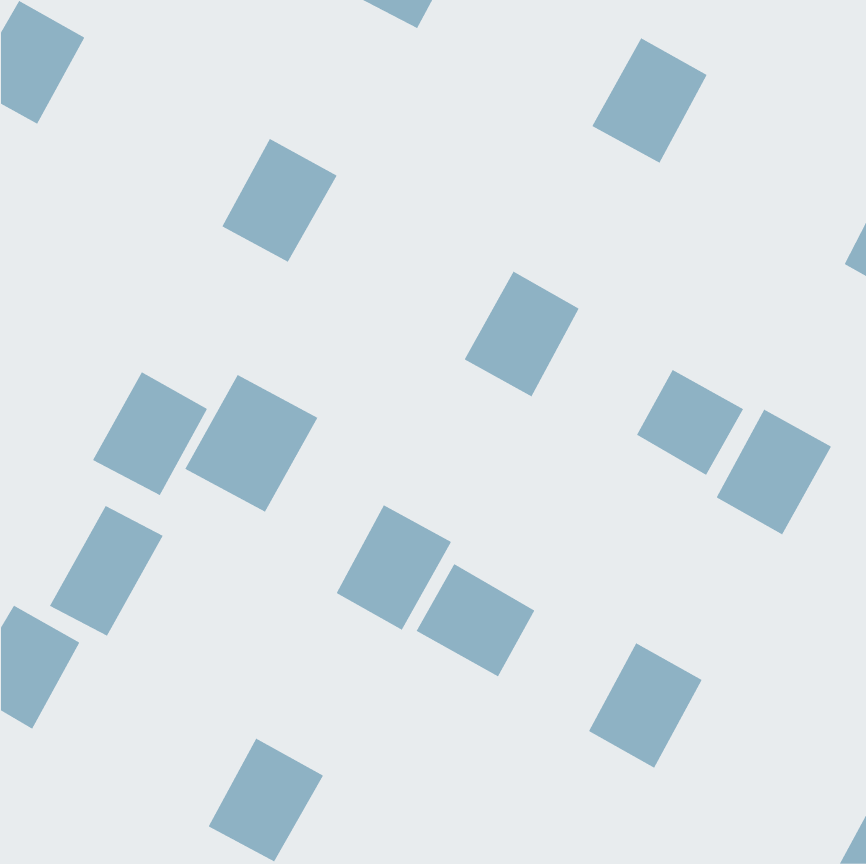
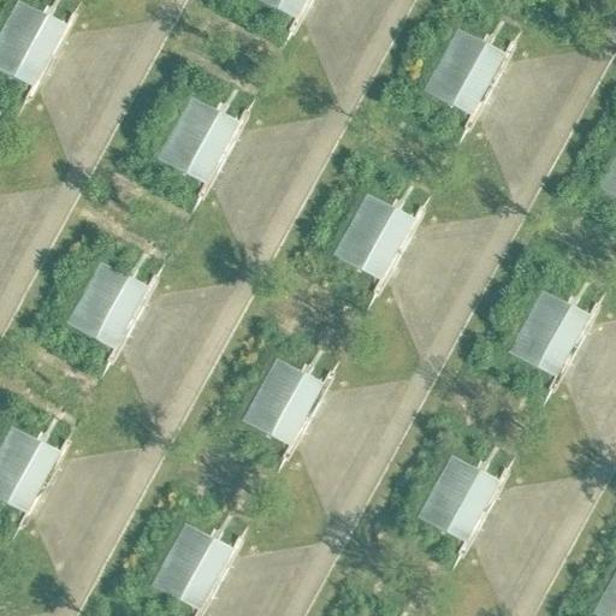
building: [636,369,744,476] -> none
building: [185,374,318,512] -> none
building: [49,505,163,636] -> none
building: [416,563,535,677] -> none

